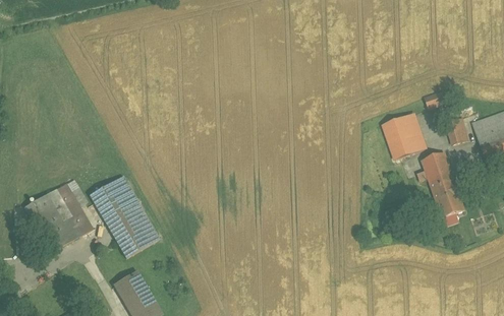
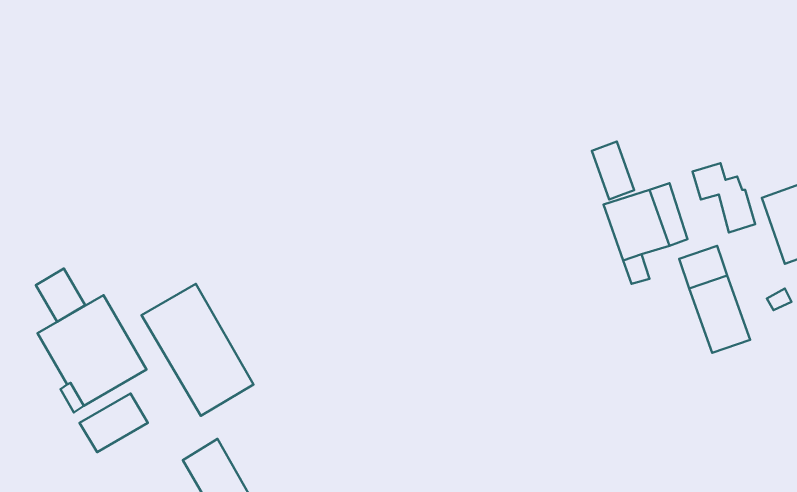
building: none -> [592,141,634,199]
building: none -> [36,268,85,322]
building: none -> [80,393,148,452]

